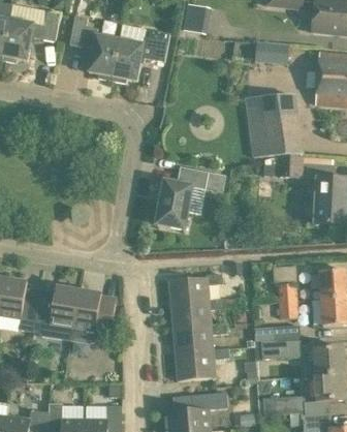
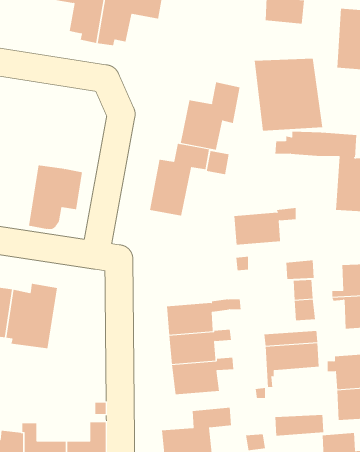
building: none -> [180,81,240,150]
building: [168,273,222,305] -> [233,207,297,245]
building: [70,289,117,344] -> [28,165,83,229]

